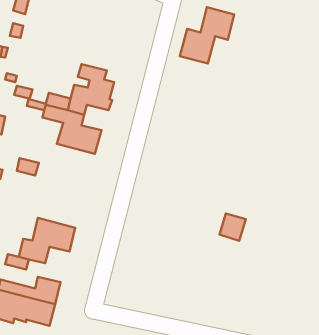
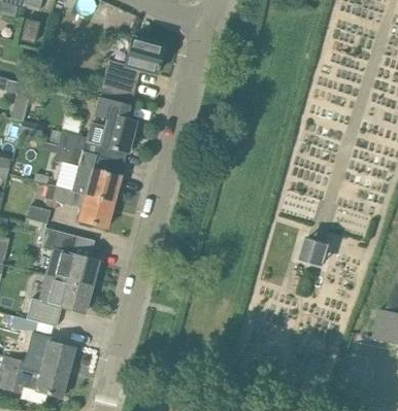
building: [180,7,234,63] -> [102,36,164,100]
building: none -> [46,184,114,227]
building: none -> [40,227,99,285]
building: [219,214,246,241] -> [301,237,331,268]

